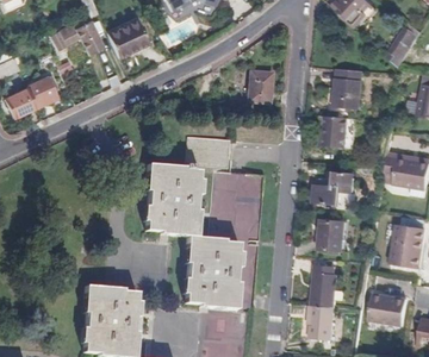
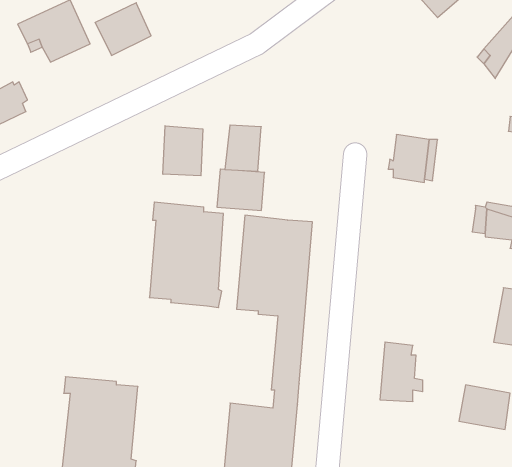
building: [245,69,272,102] -> [225,125,261,171]
building: [334,69,362,108] -> none
building: none -> [163,126,203,176]
building: [313,169,352,203] -> none
building: [317,218,343,250] -> none
building: [185,237,238,311] -> none
building: [310,305,336,339] -> none

